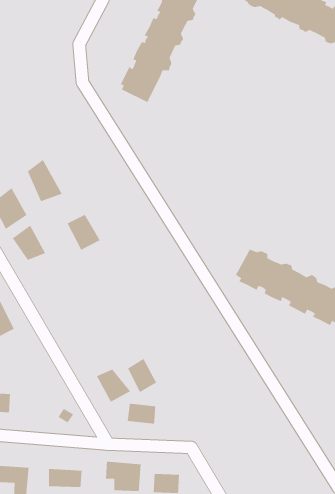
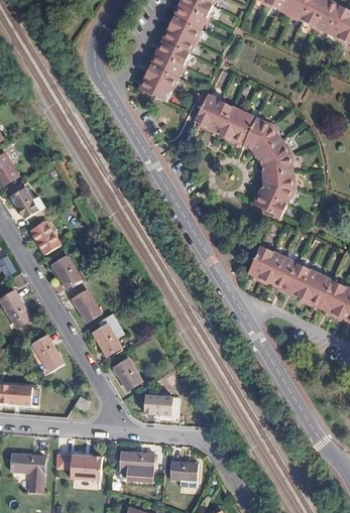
building: none -> [192,93,299,218]
building: [27,159,63,202] -> none
building: [66,214,101,251] -> [49,254,83,290]
building: none -> [70,288,102,325]
building: none -> [30,334,65,375]
building: [127,358,157,393] -> [92,322,121,356]

